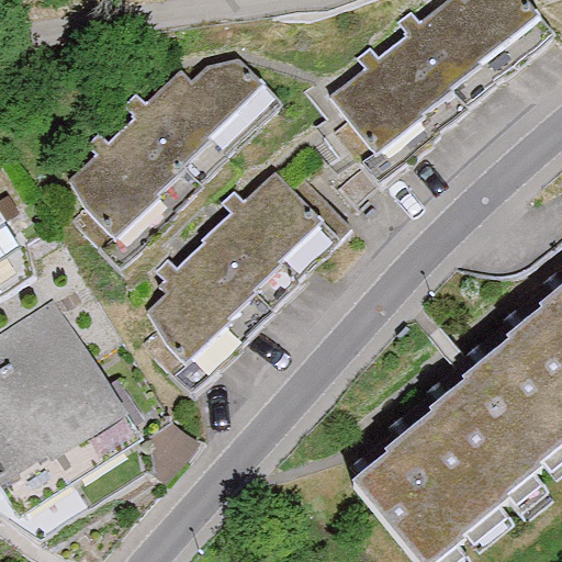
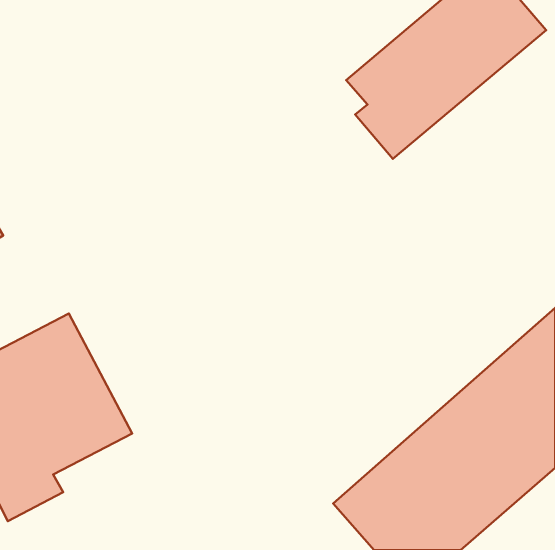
building: [77,59,258,243] -> none
building: [133,168,350,379] -> none

